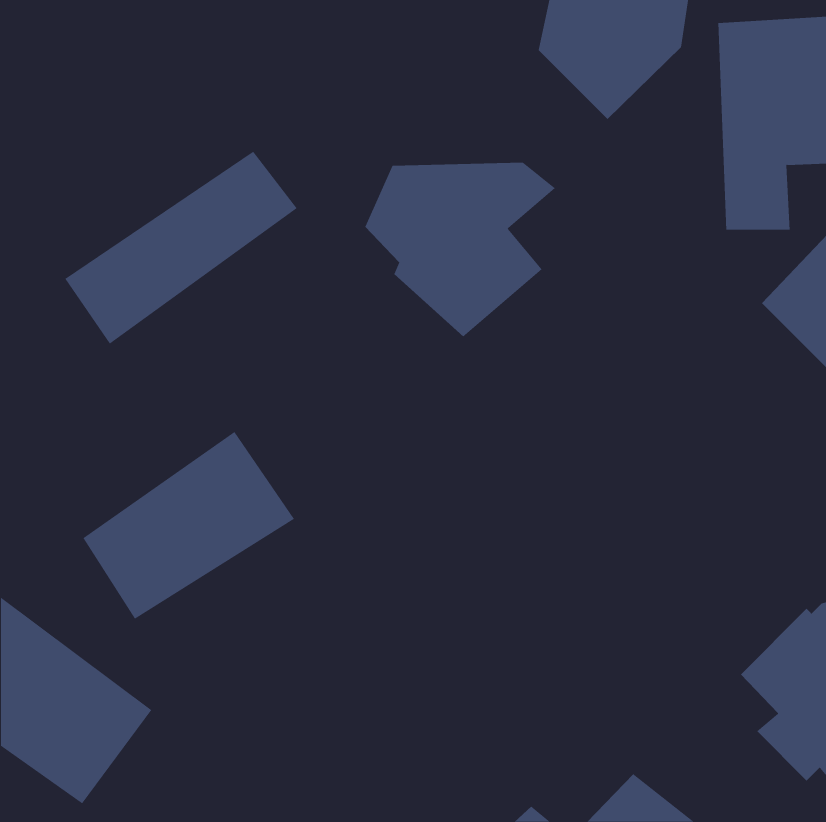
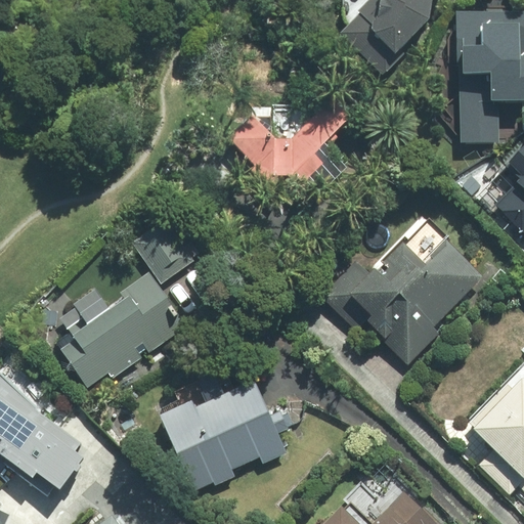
building: [65,151,297,345] -> none
building: none -> [137,224,195,280]
building: none -> [319,242,491,363]
building: none -> [158,370,283,489]

